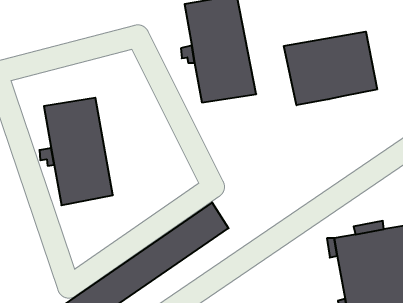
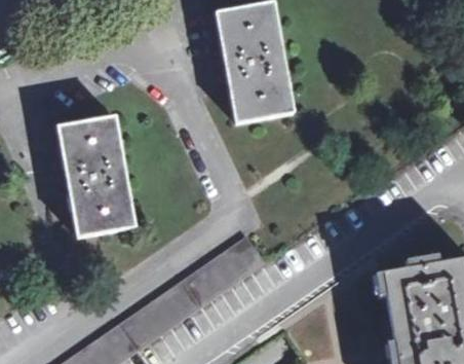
building: [284,32,377,105] -> none

